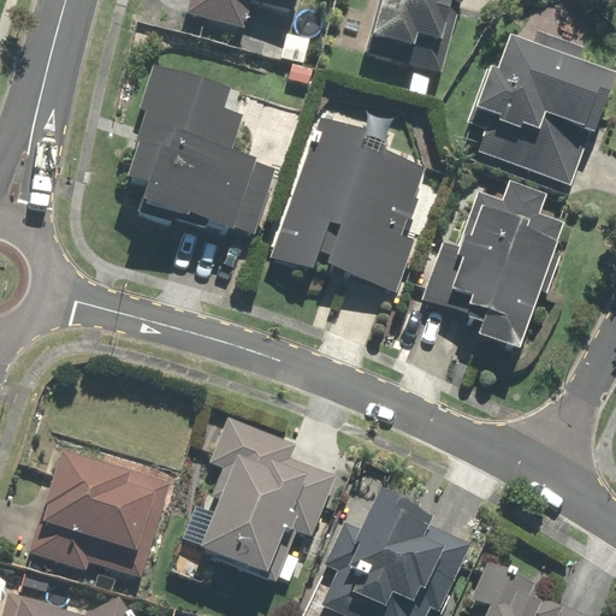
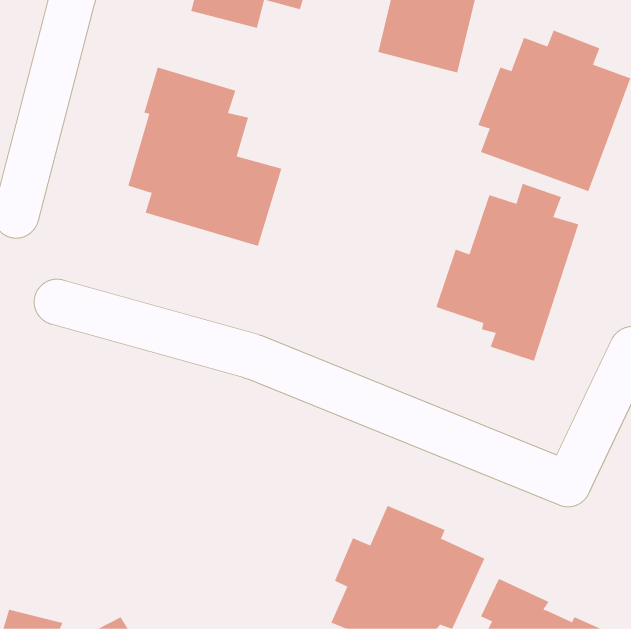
building: [272,113,425,294] -> none
building: [200,415,337,578] -> none
building: [29,450,170,579] -> none

